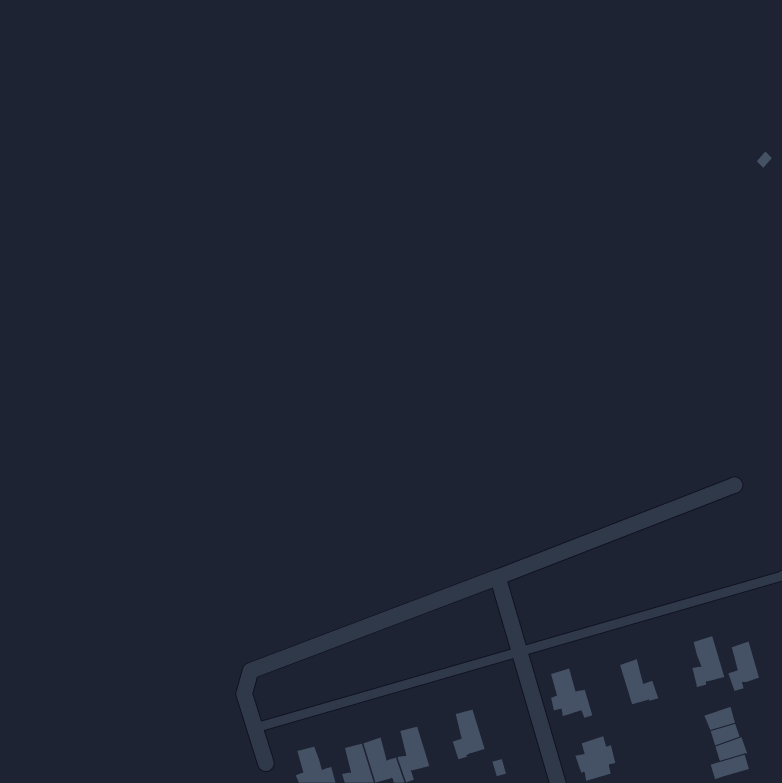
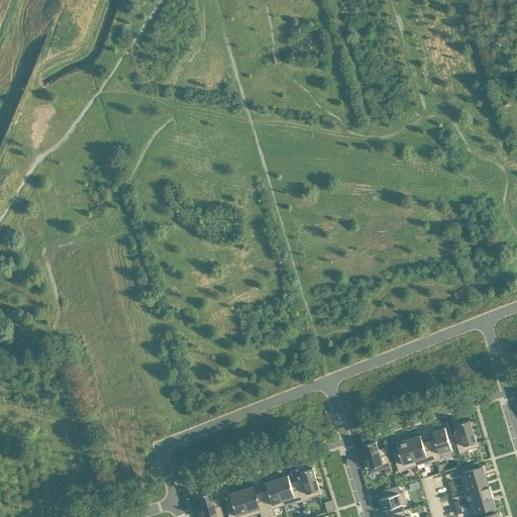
building: [728,641,760,692] -> [429,426,450,459]
building: none -> [393,437,415,471]
building: none -> [275,474,301,504]

